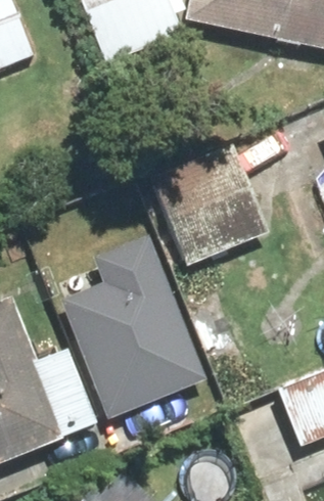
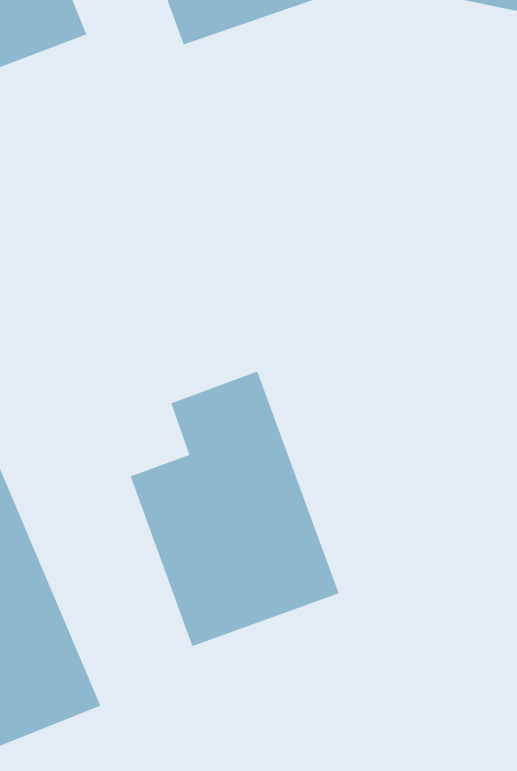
building: [163,148,281,266] -> none

